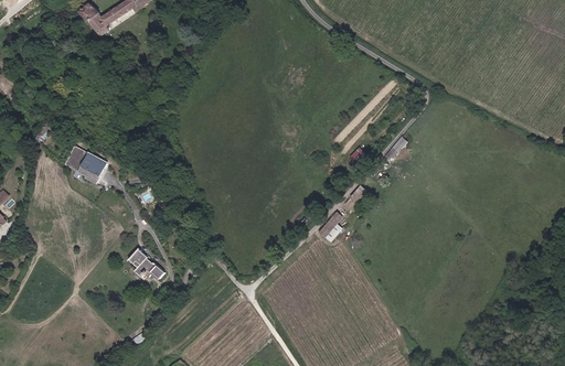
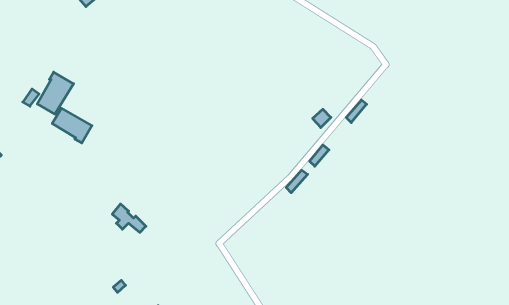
building: none -> [37,72,74,114]

